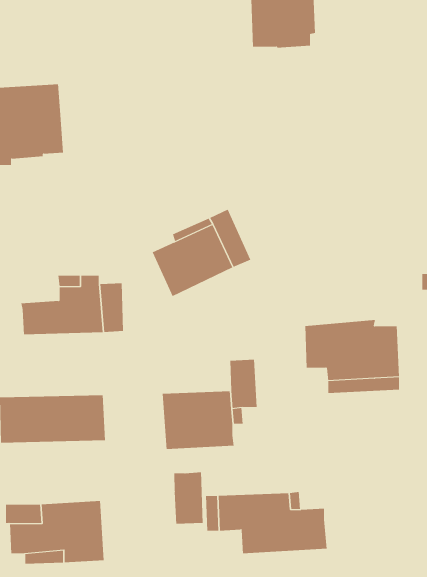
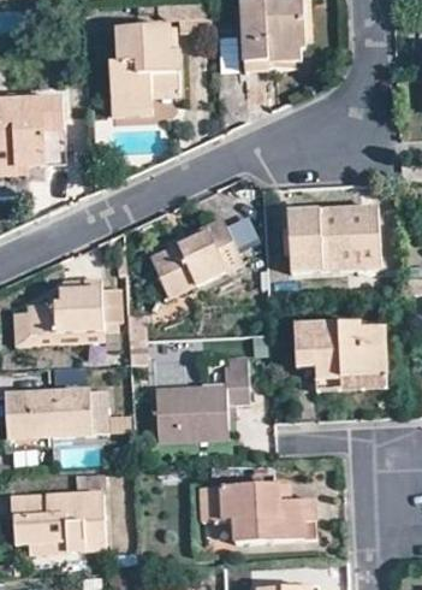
building: none -> [108,25,179,116]
building: none -> [287,205,379,272]
building: none -> [12,309,103,344]
building: [174,471,203,525] -> none

